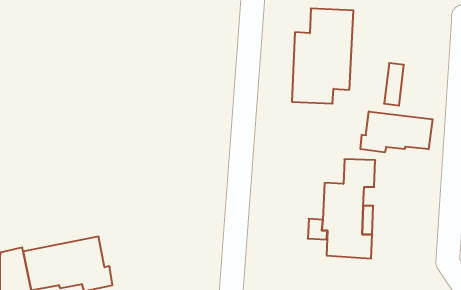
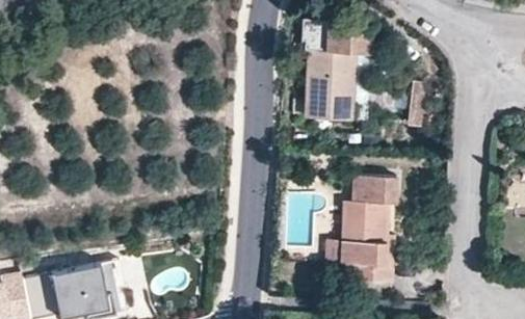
building: [361,111,433,152] -> none

